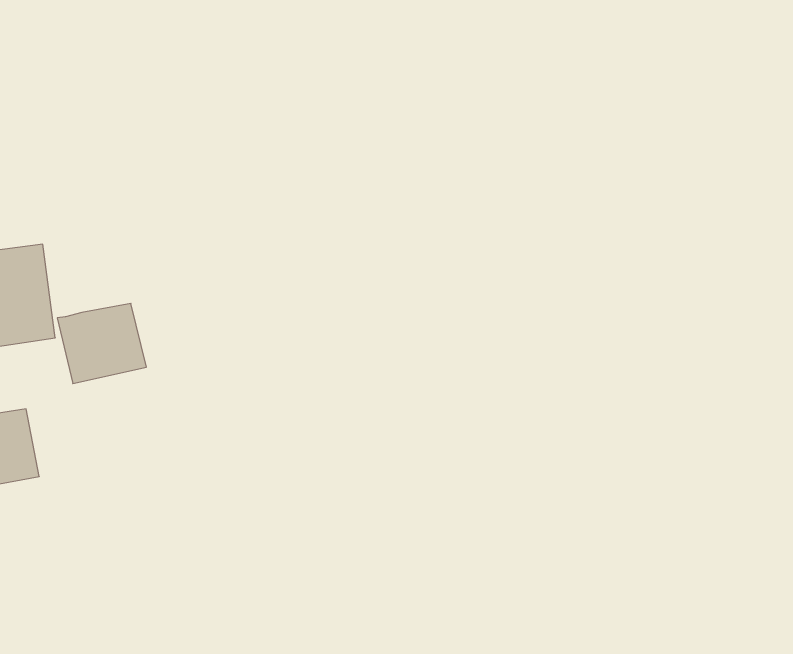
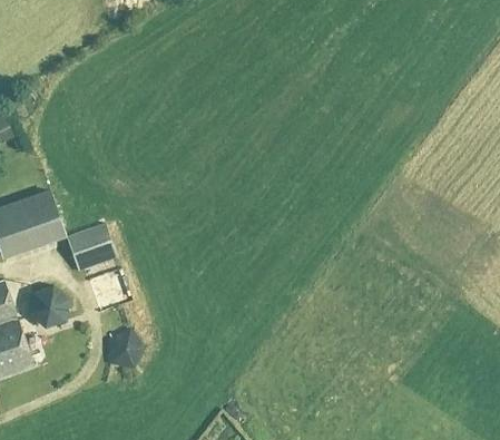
building: none -> [89,271,125,306]
building: none -> [107,335,140,369]

